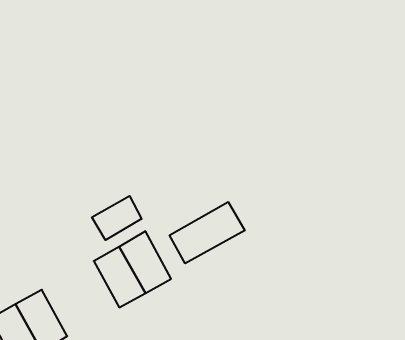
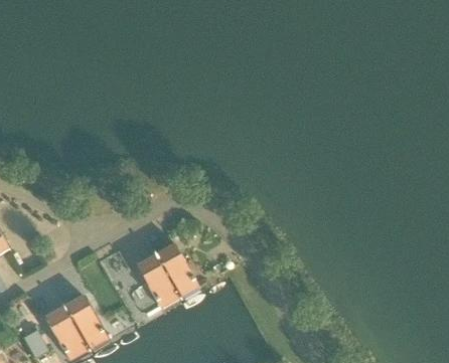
building: [92,196,142,240] -> none
building: [170,202,245,263] -> none

